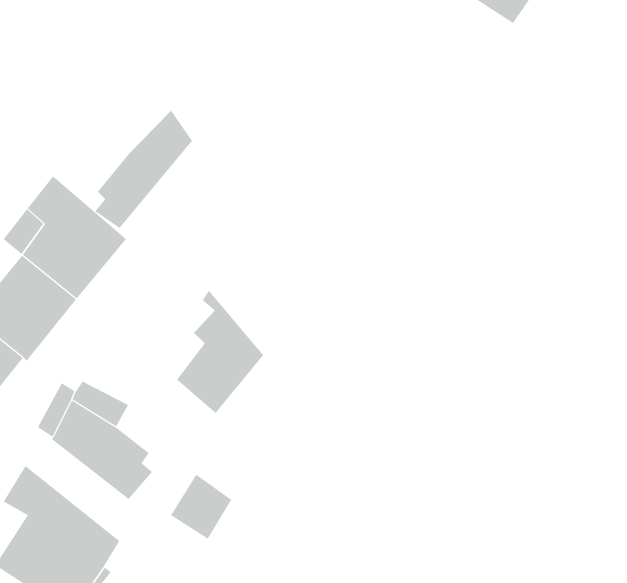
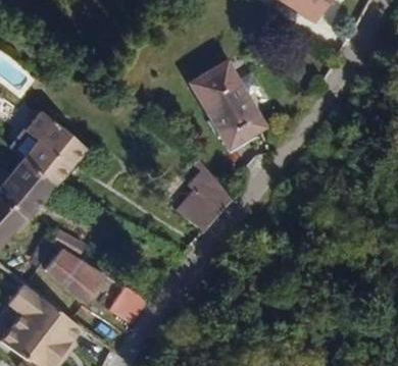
building: none -> [193,64,262,146]
building: [95,110,193,229] -> none
building: [176,290,264,414] -> [180,160,232,233]

